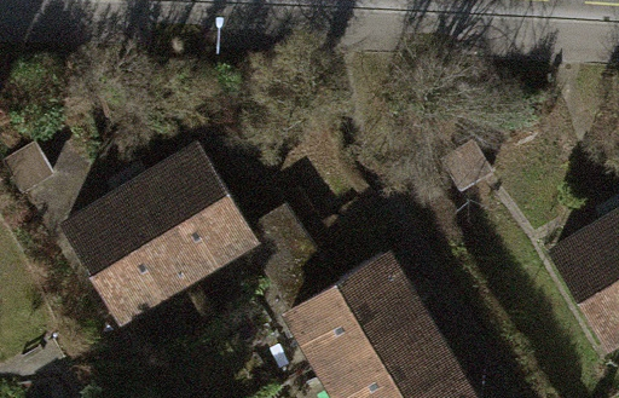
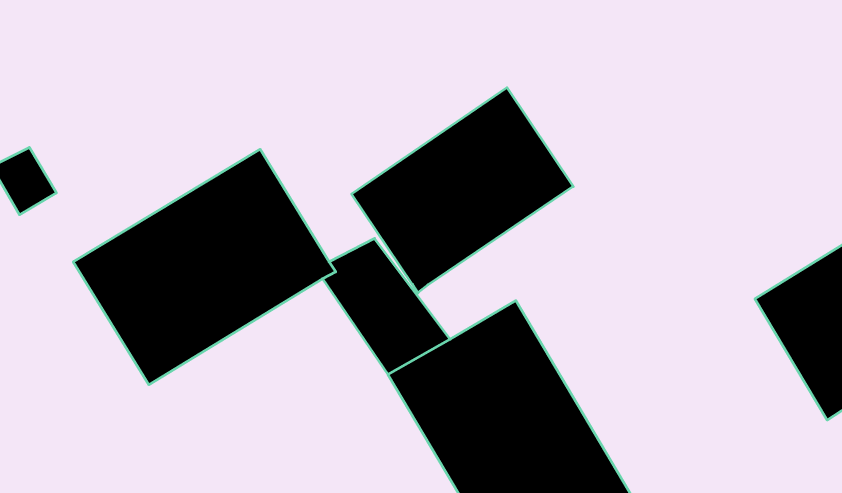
building: none -> [352,88,573,293]

